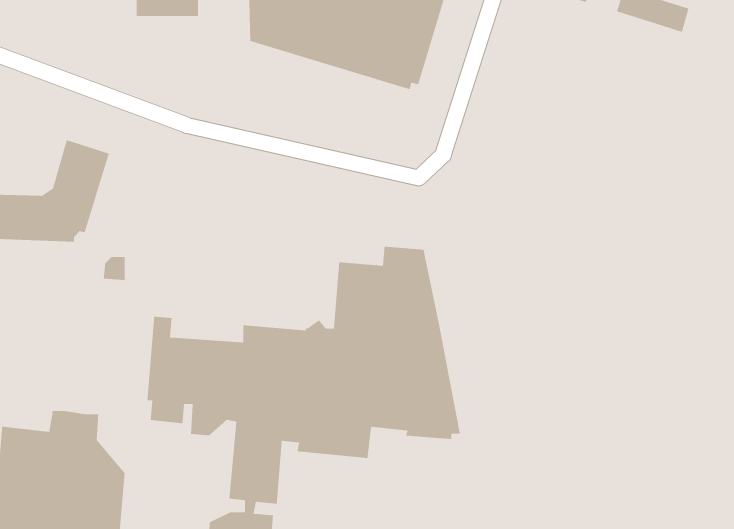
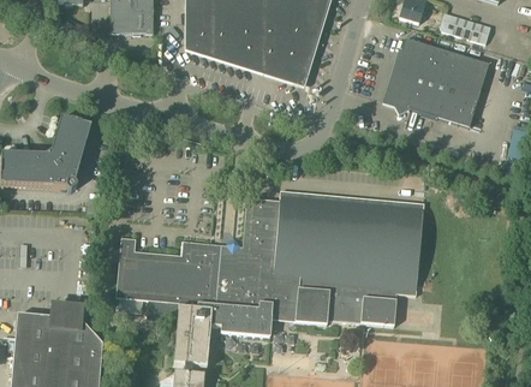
building: none -> [386,37,488,126]
building: none -> [308,191,424,325]

